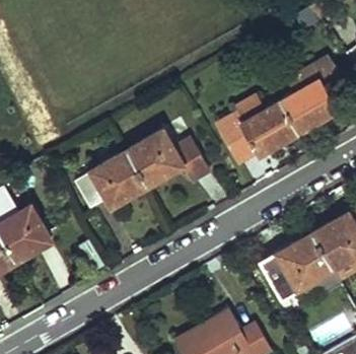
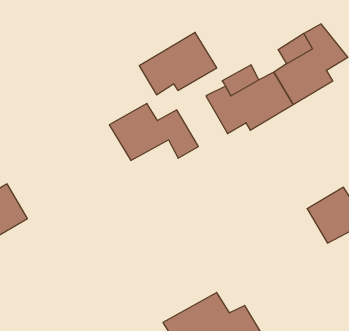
building: [75,153,148,212] -> [139,32,217,95]
building: [261,232,334,296] -> none

